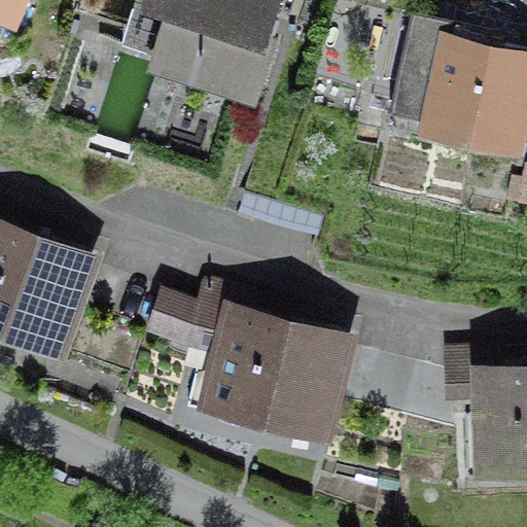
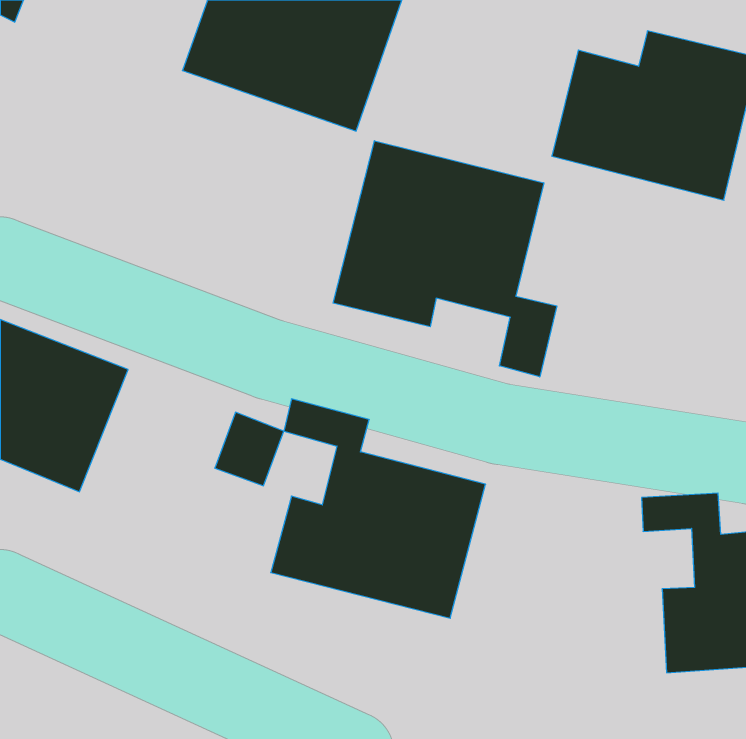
building: none -> [333,141,557,377]

